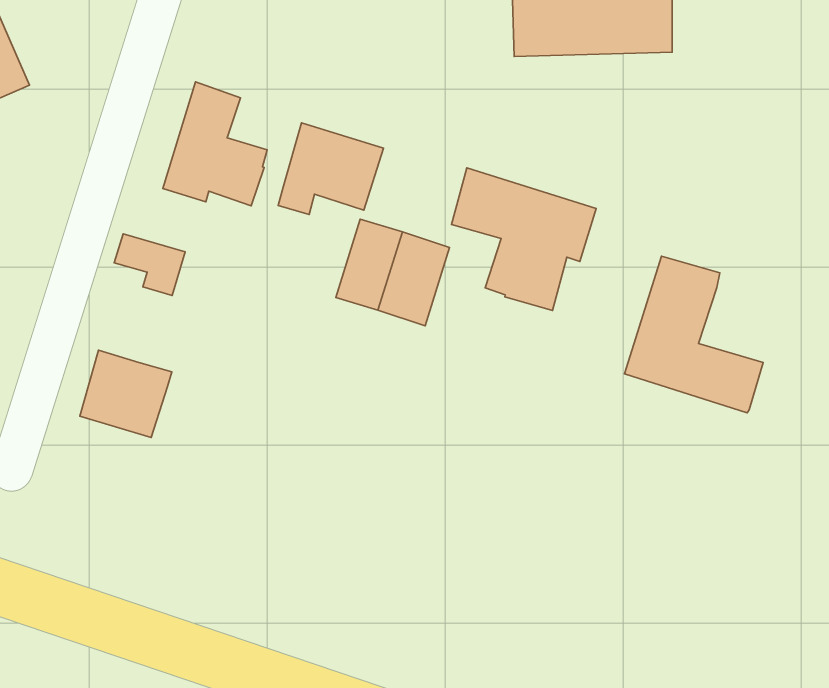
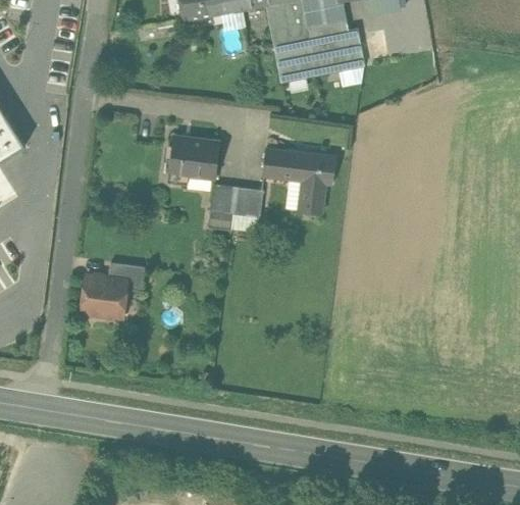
building: [163,82,267,206] -> none
building: [114,234,185,296] -> [108,261,145,290]
building: [624,256,763,413] -> none

